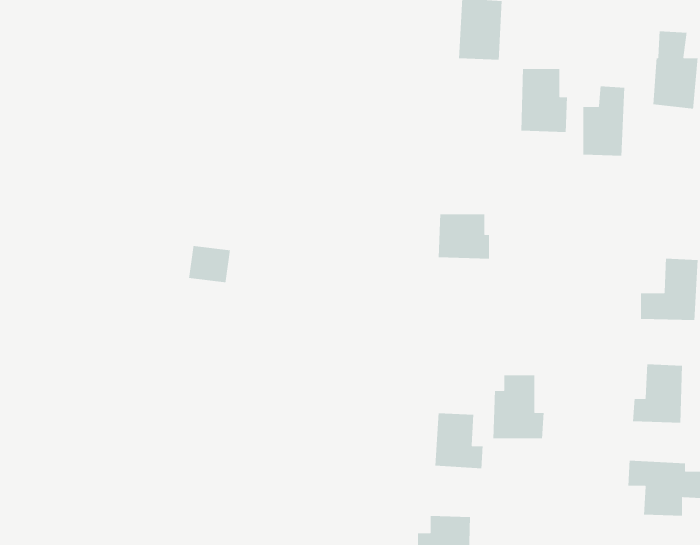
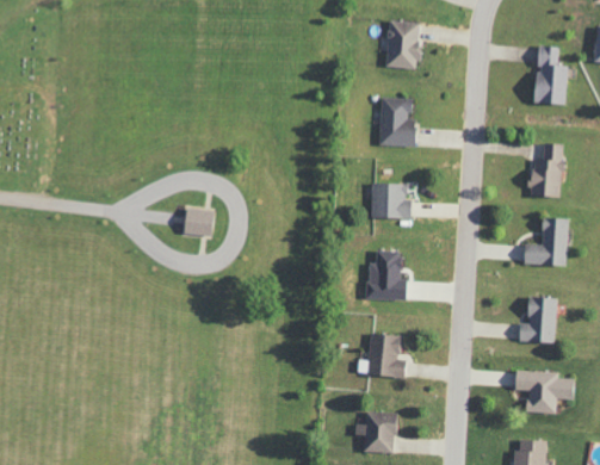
building: [521,68,568,133] -> [381,98,416,147]
building: [583,86,625,157] -> [531,143,563,197]
building: [492,374,545,439] -> [367,250,407,299]

